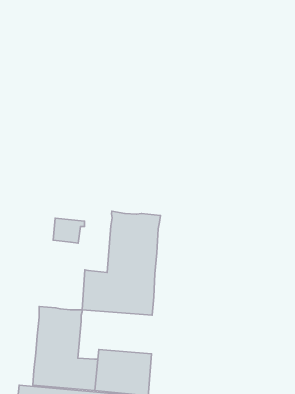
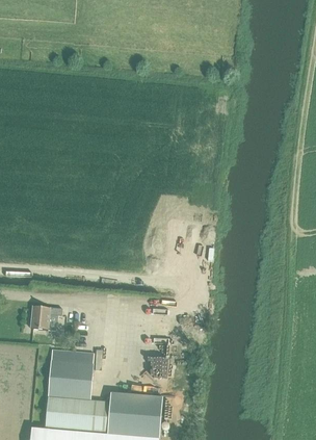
building: [82,211,160,315] -> none
building: [53,218,85,243] -> [30,306,61,331]

